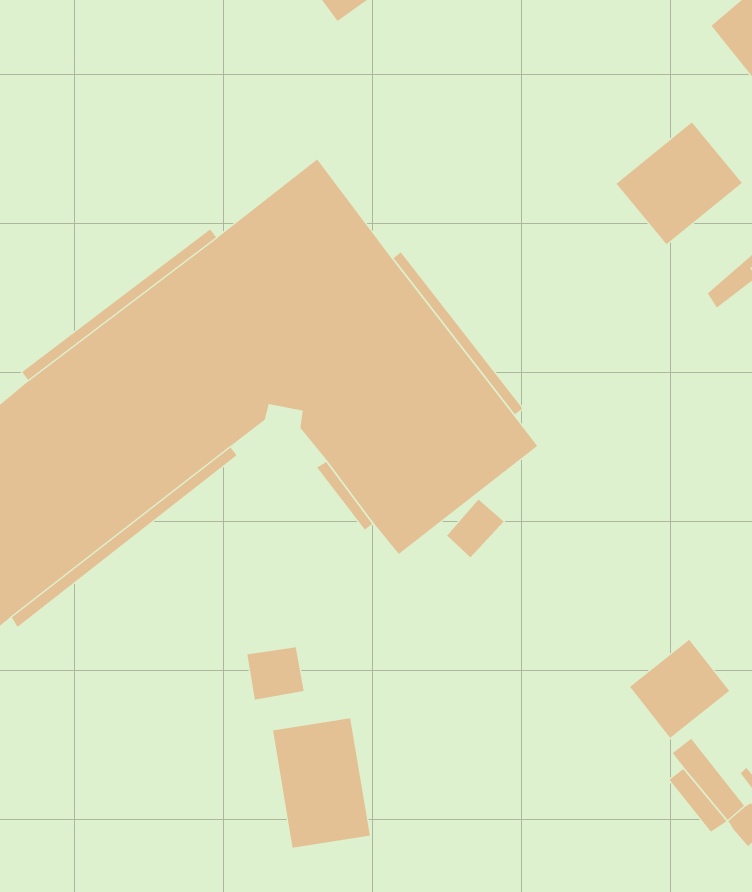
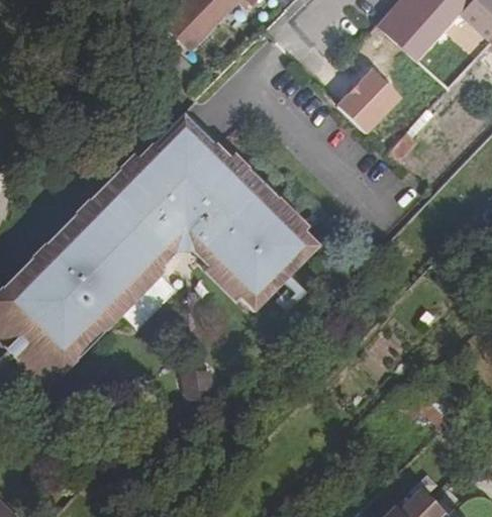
building: [629,639,730,739] -> none
building: [272,717,370,849] -> none

